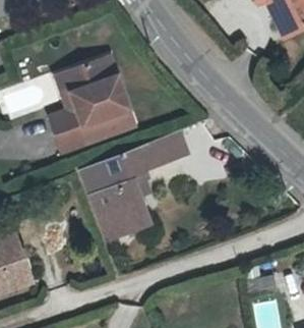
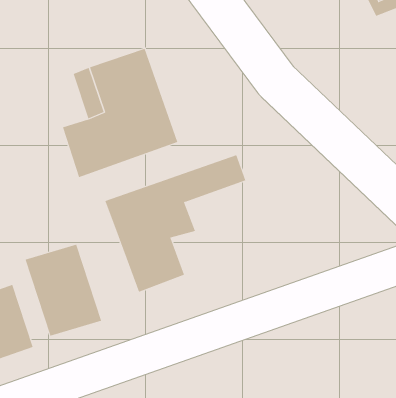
building: none -> [25,244,102,336]

